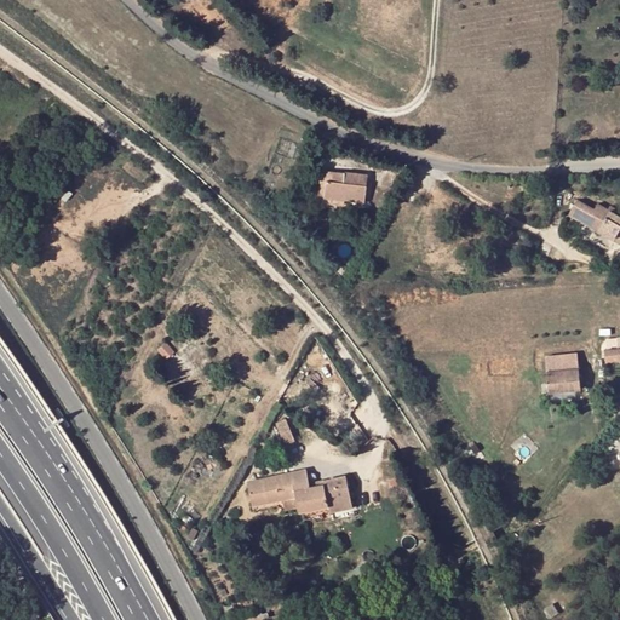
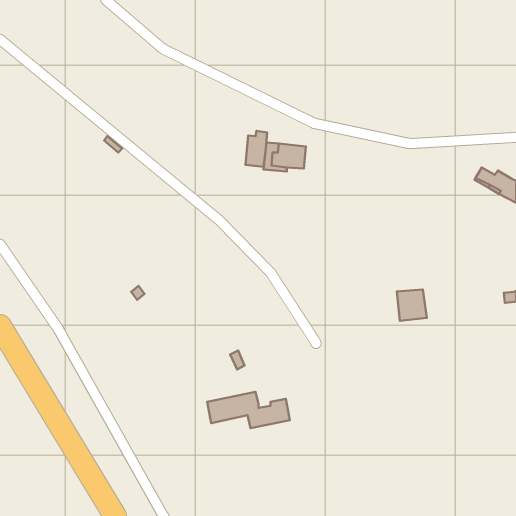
building: none -> [246,131,267,167]
building: [545,355,581,392] -> [397,290,427,321]

